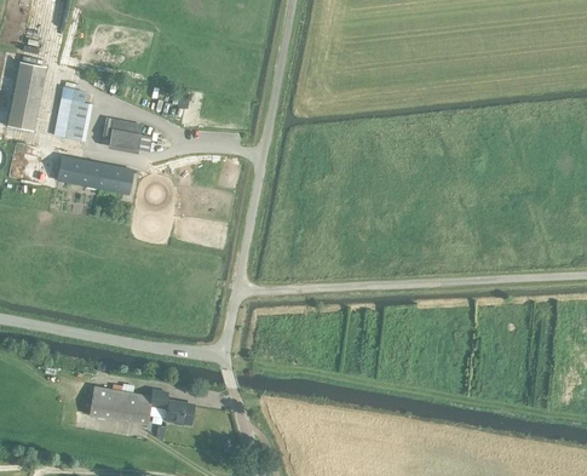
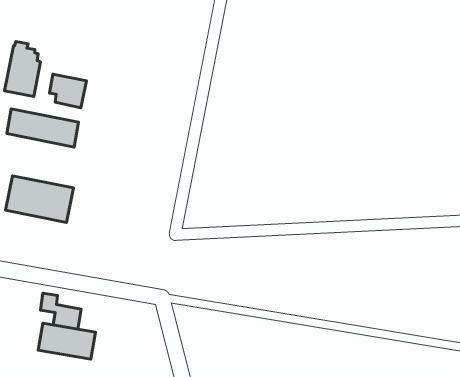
building: none -> [6,176,74,222]
building: [150,388,194,426] -> [41,293,81,329]

